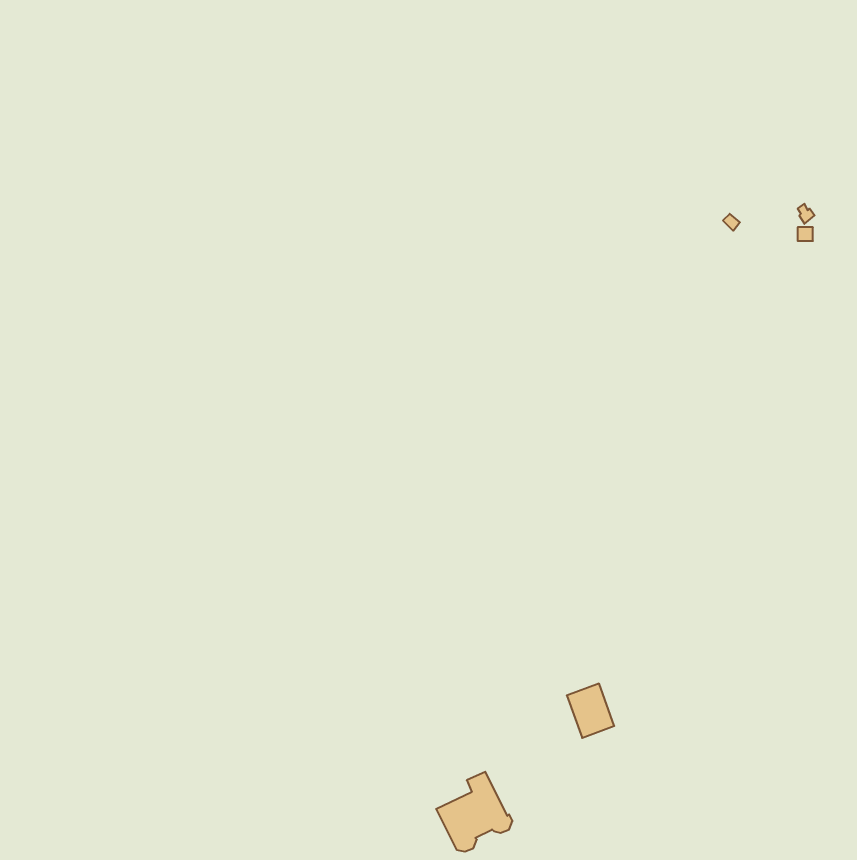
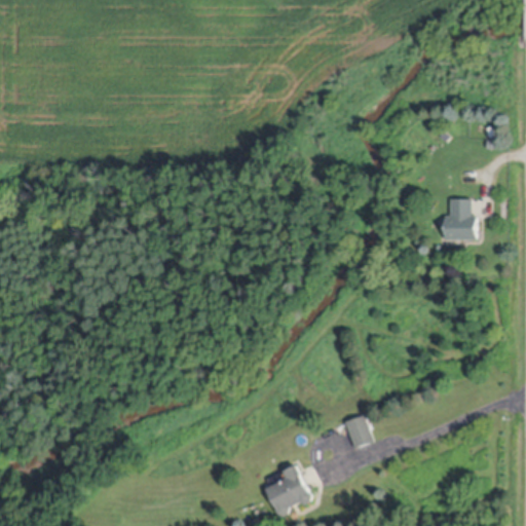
building: none -> [444,197,475,238]

